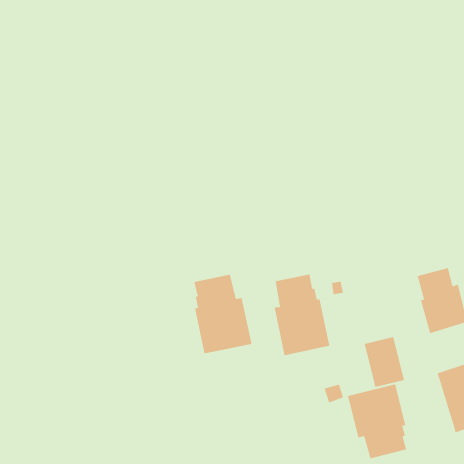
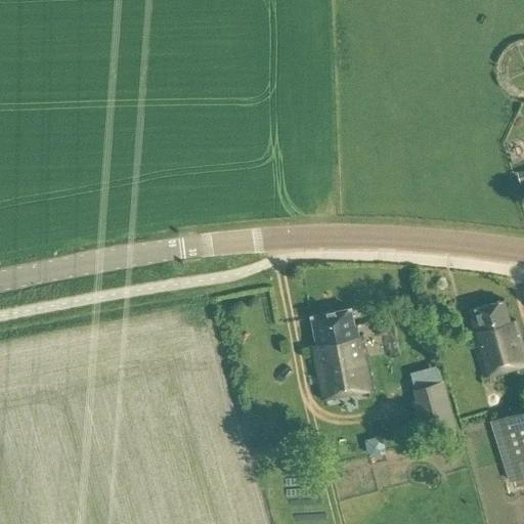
building: [194,274,252,354] -> none
building: [347,384,407,459] -> none

